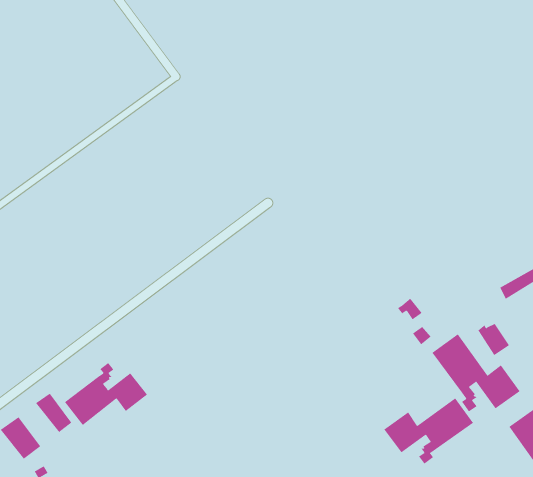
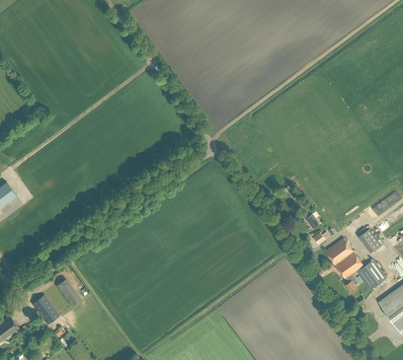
building: [64,362,148,426] -> none
building: [384,397,474,464] -> none

